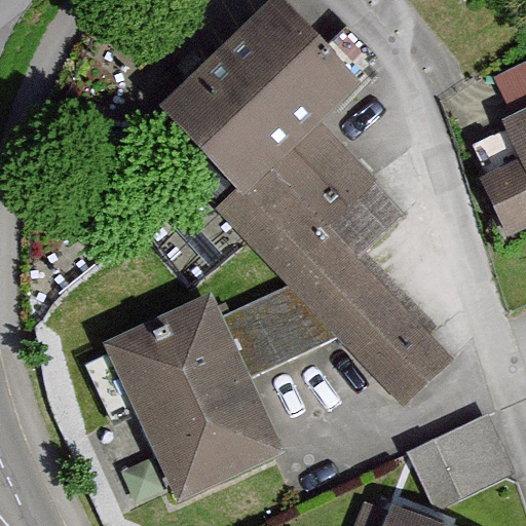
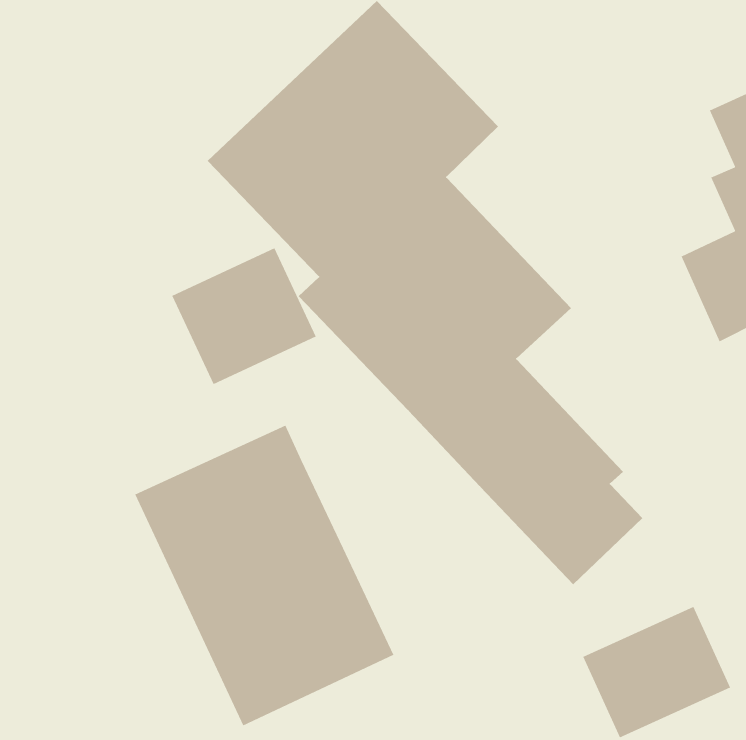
building: none -> [171,247,317,385]
building: [219,284,341,378] -> none

